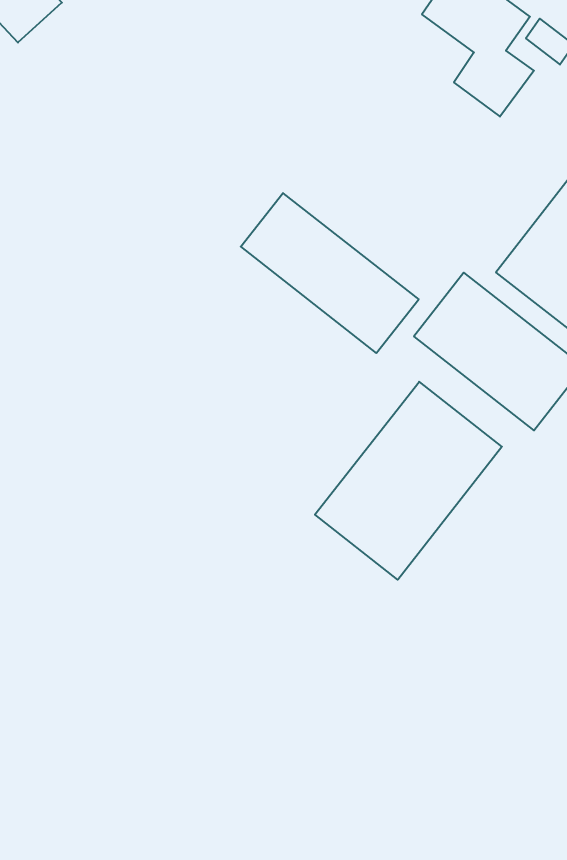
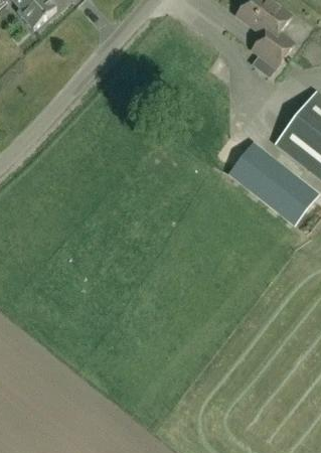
building: [241,193,419,353] -> none
building: [315,382,502,580] -> none

